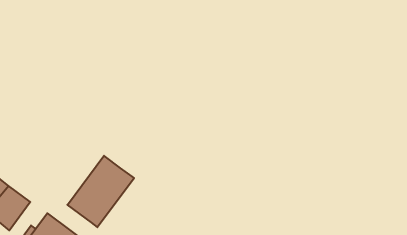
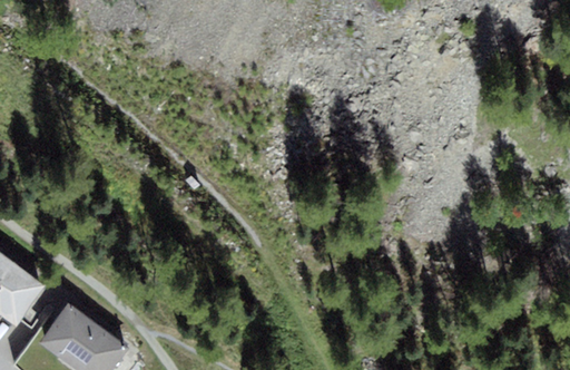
building: [67,156,134,227] -> none

